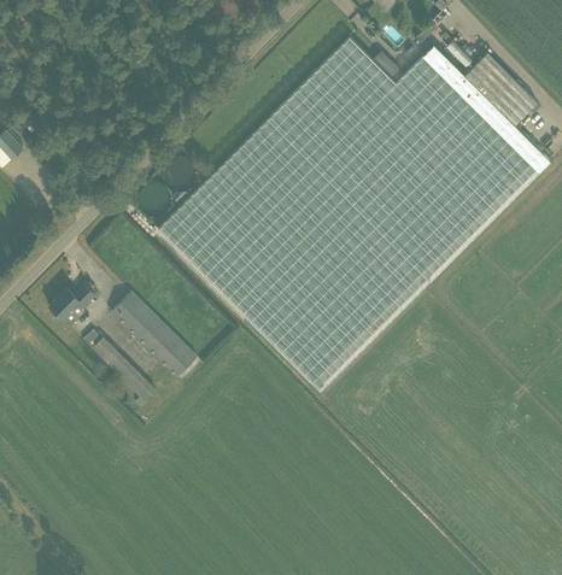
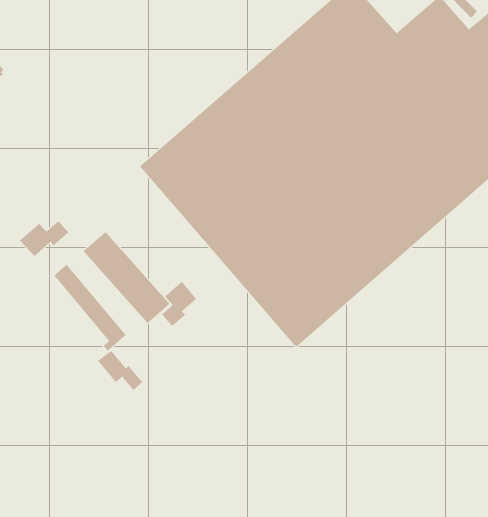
building: none -> [161,281,197,327]
building: none -> [97,350,143,391]

